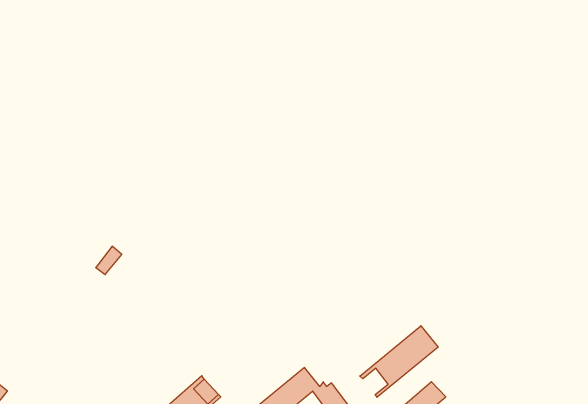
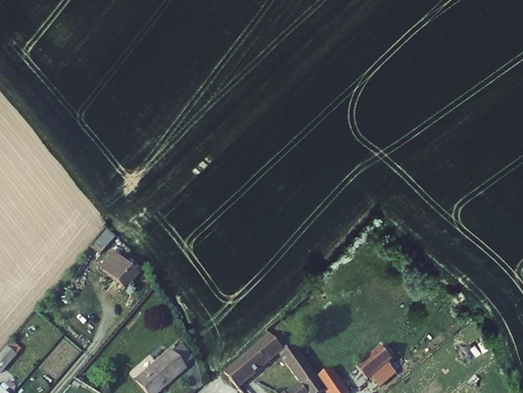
building: none -> [99,251,137,288]
building: [360,326,438,397] -> none

